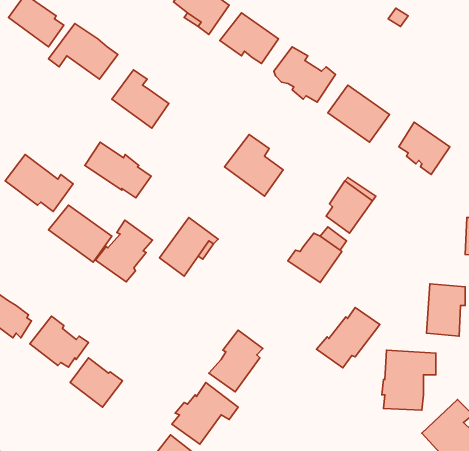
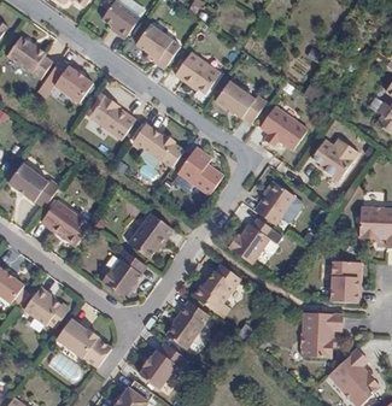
building: [85,142,151,198] -> [130,124,182,167]
building: [95,220,152,282] -> [100,248,145,296]
building: [316,308,380,368] -> [191,261,240,308]

